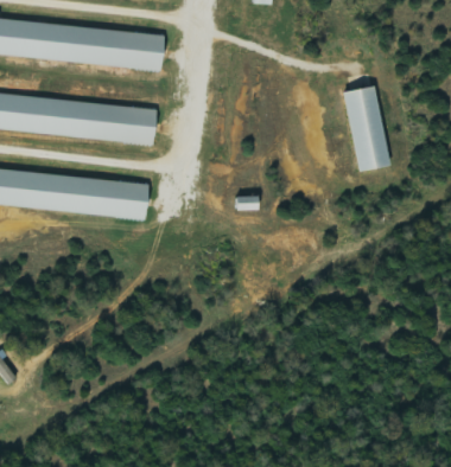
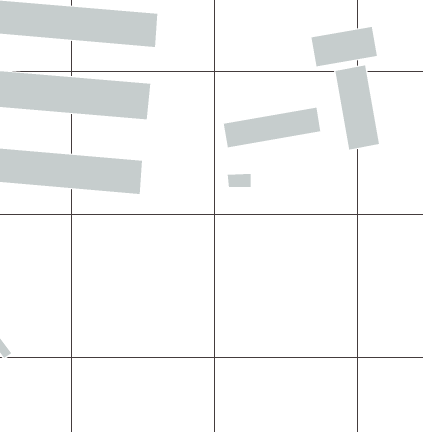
building: none -> [311,26,377,67]
building: none -> [223,107,321,148]

